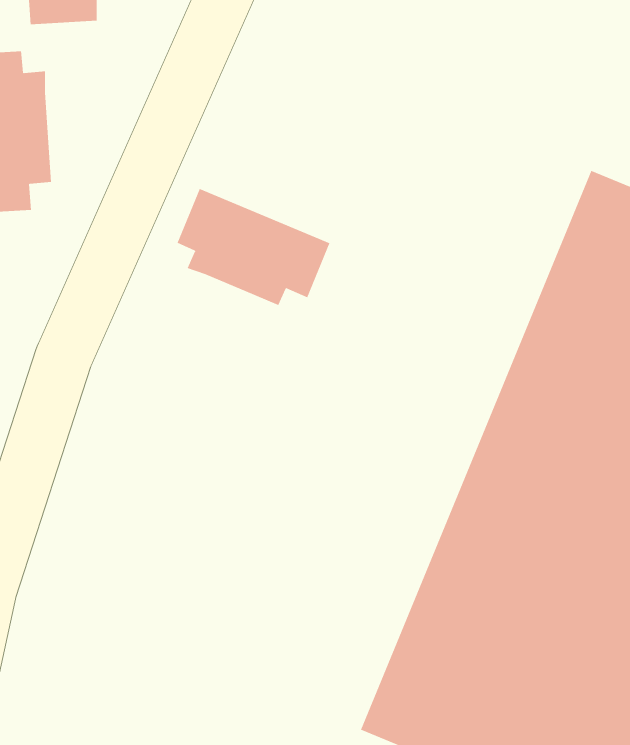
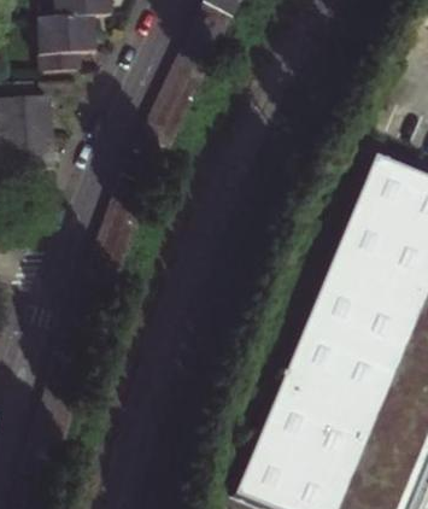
building: [177,188,330,306] -> none

